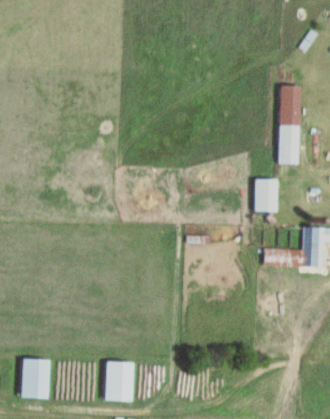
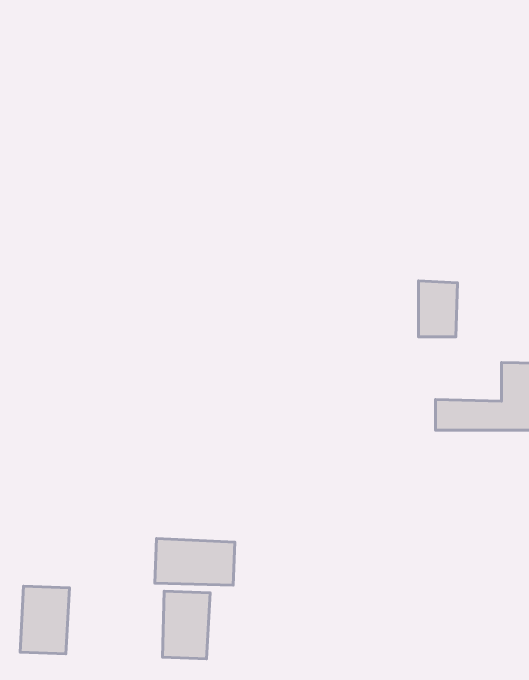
building: [279,85,301,163] -> none
building: none -> [155,539,235,585]

